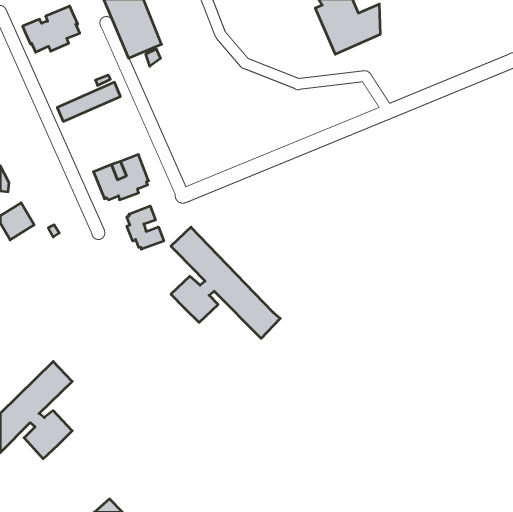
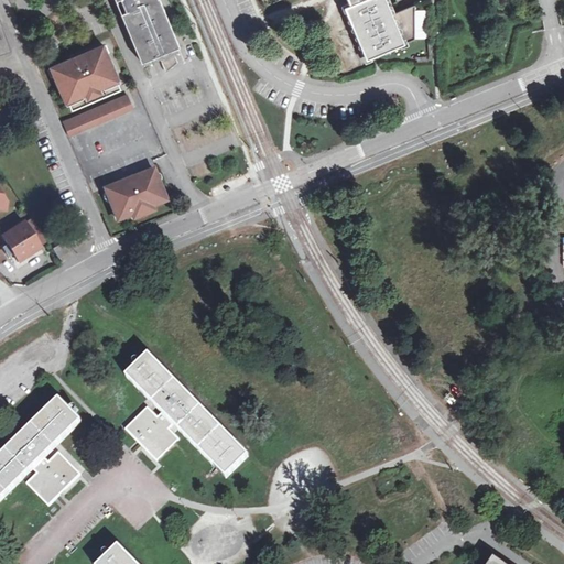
building: [23,6,80,52] -> [51,46,113,97]
building: [127,206,164,249] -> none
building: [171,227,280,338] -> [126,352,246,475]

